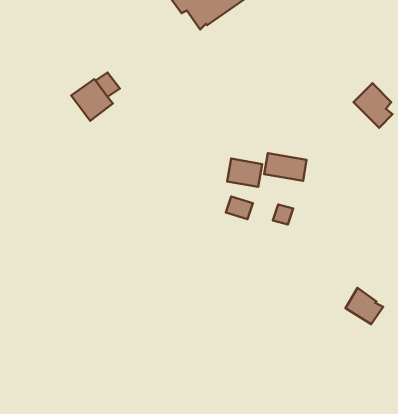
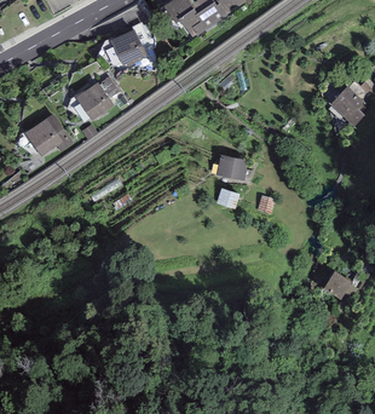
building: none -> [109,30,144,70]
building: none -> [24,114,68,156]
building: [264,153,307,181] -> none

